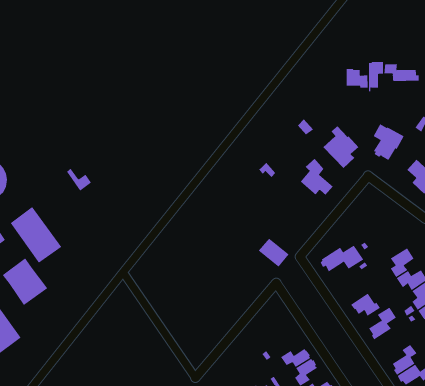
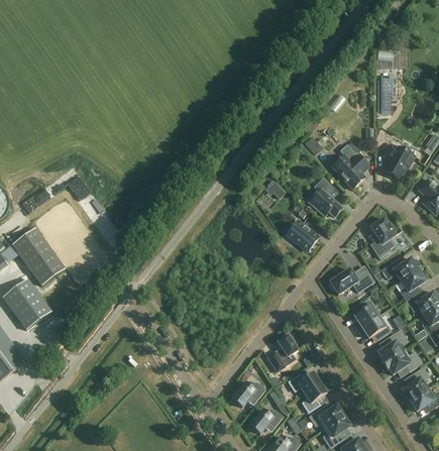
building: [384,63,419,82] -> none
building: [346,68,368,88] -> none
building: none -> [370,218,396,257]
building: none -> [381,257,419,280]
building: [258,238,290,267] -> [287,220,319,250]
building: none -> [354,298,378,328]
building: none -> [268,332,298,371]
building: none -> [385,351,422,374]
building: none -> [232,381,265,407]

